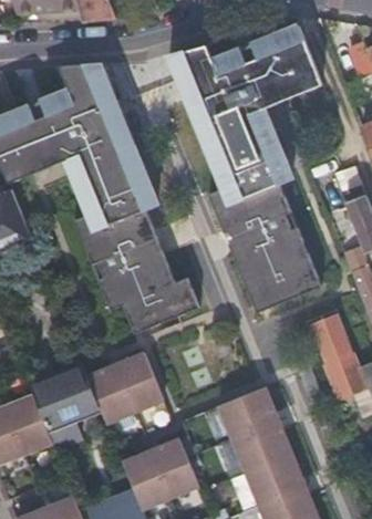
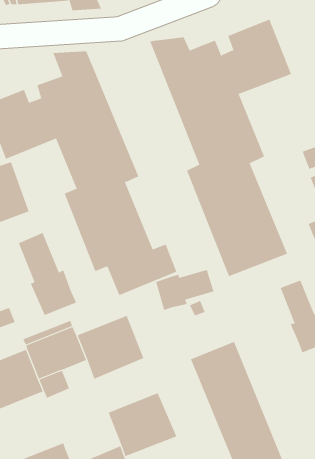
building: none -> [18,232,77,316]
building: none -> [155,269,214,311]

